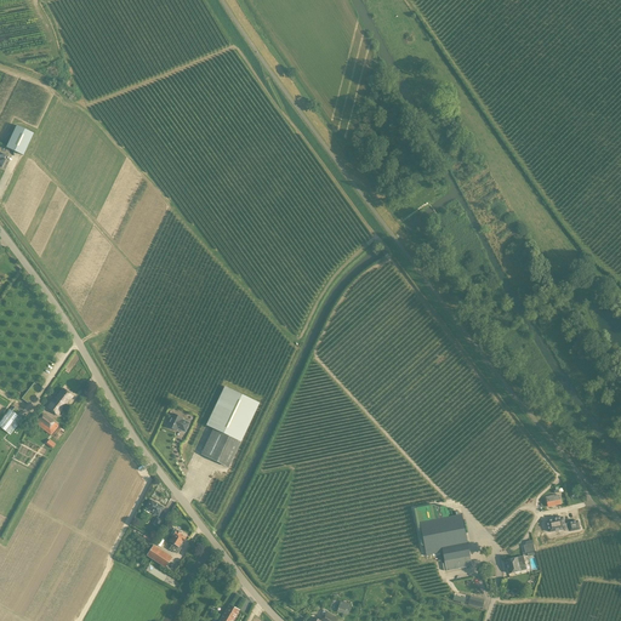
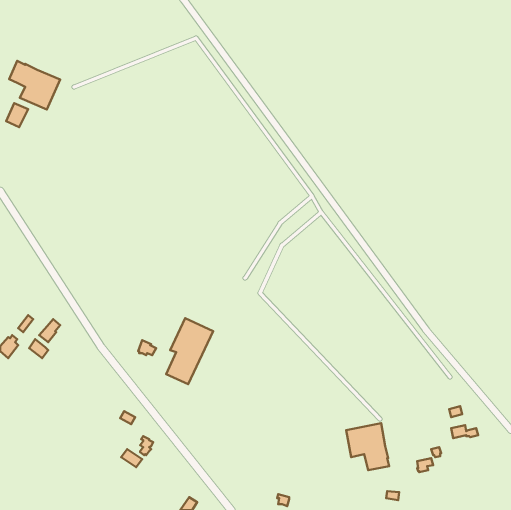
building: none -> [9,61,60,110]

